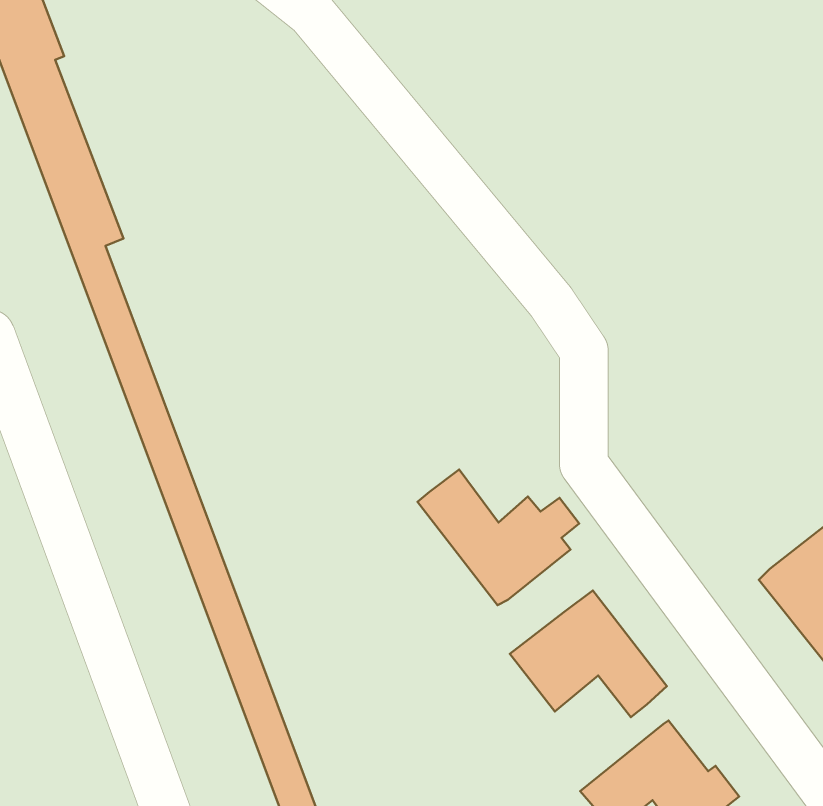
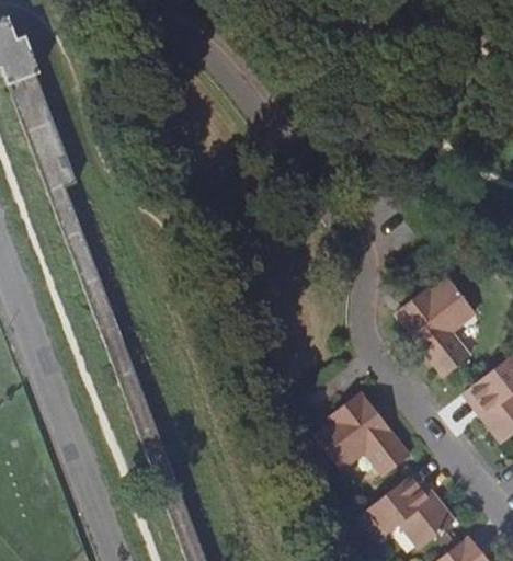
building: none -> [399,277,476,375]
building: [417,469,579,605] -> none

